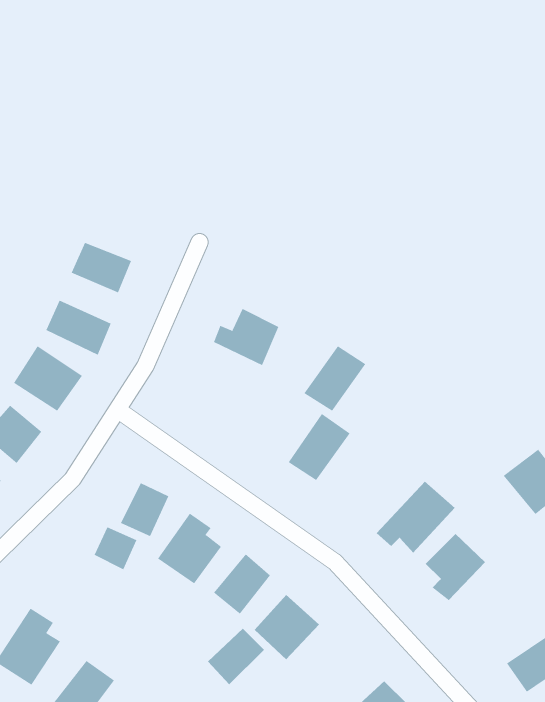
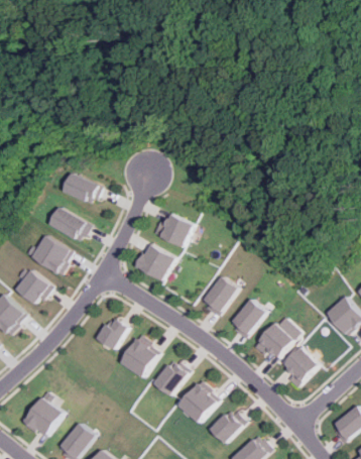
building: [304,346,366,412] -> [225,299,262,338]
building: none -> [136,244,173,280]
building: [94,527,137,570] -> none
building: [207,628,265,685] -> [209,409,243,443]

